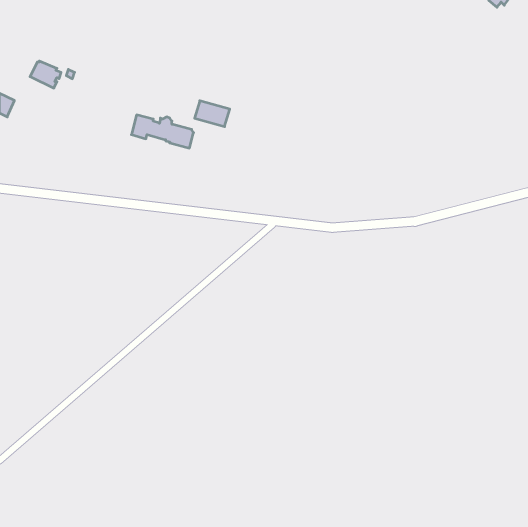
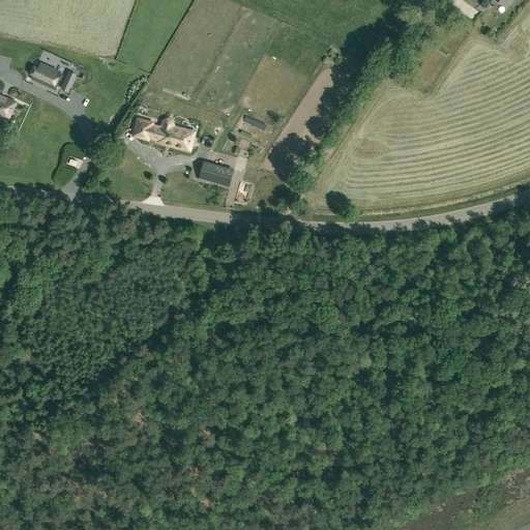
building: [195,101,230,127] -> [198,159,233,185]

